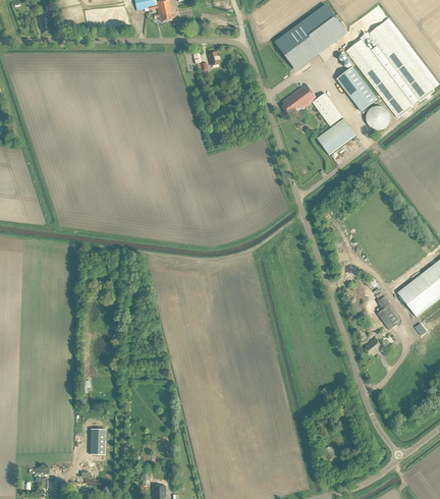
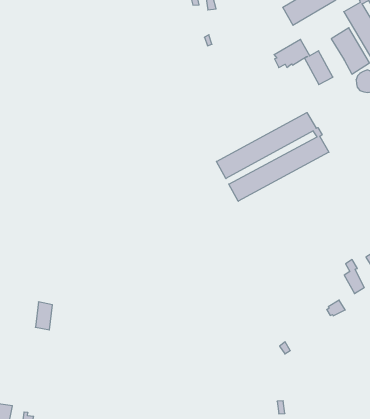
building: [317,117,356,154] -> none
building: none -> [216,113,329,201]
building: [91,427,105,453] -> [35,302,52,330]

